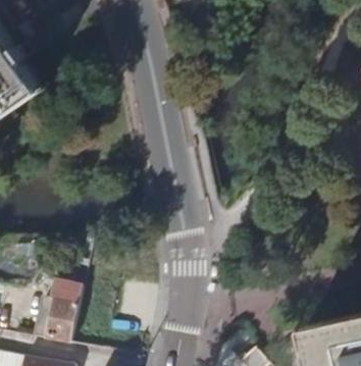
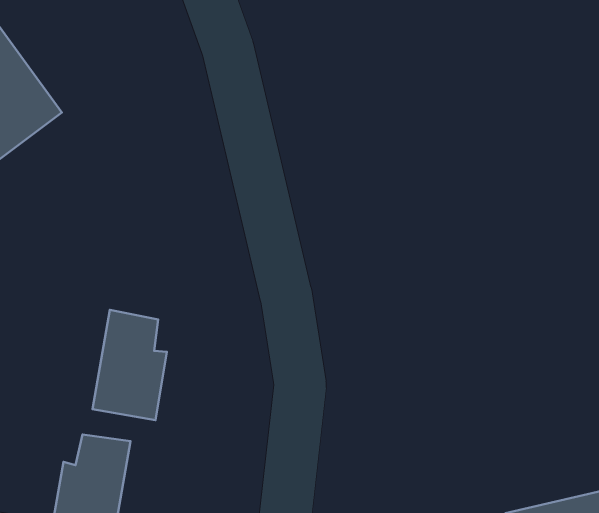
building: none -> [93,310,167,420]

